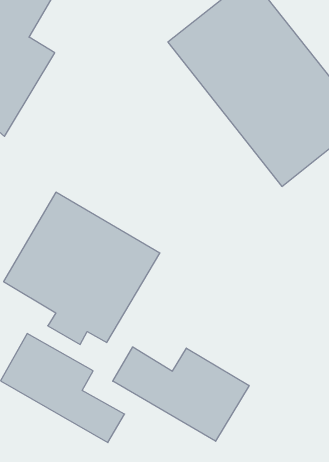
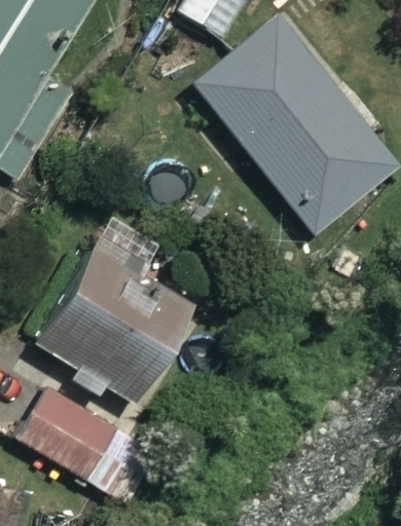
building: [113,347,249,441] -> none

